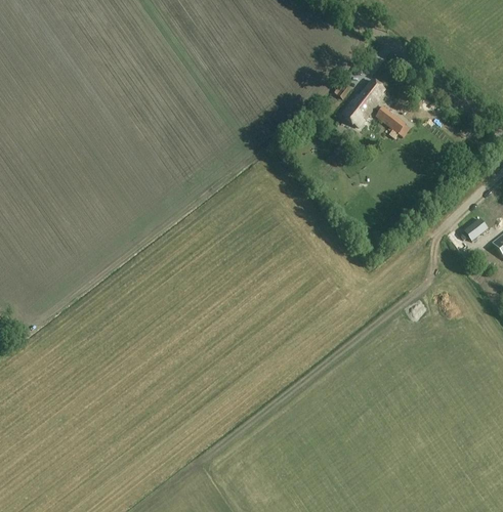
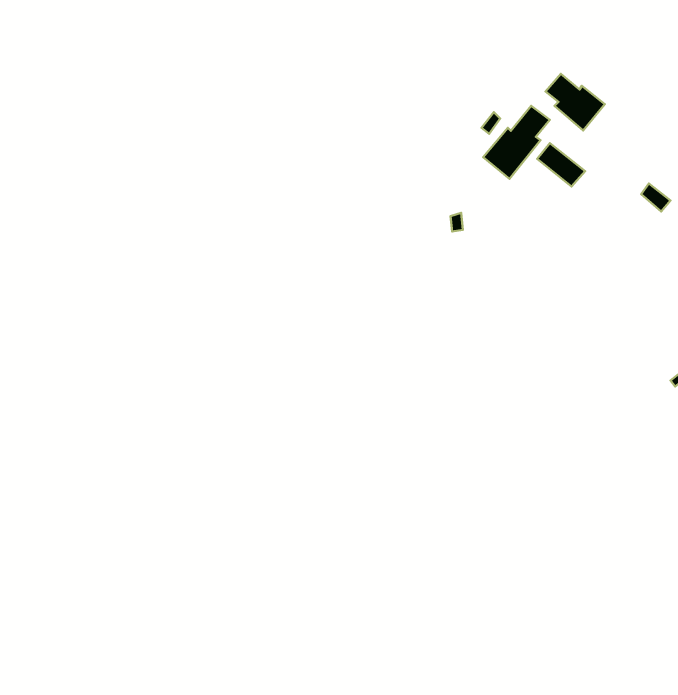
building: none -> [546,74,605,130]

